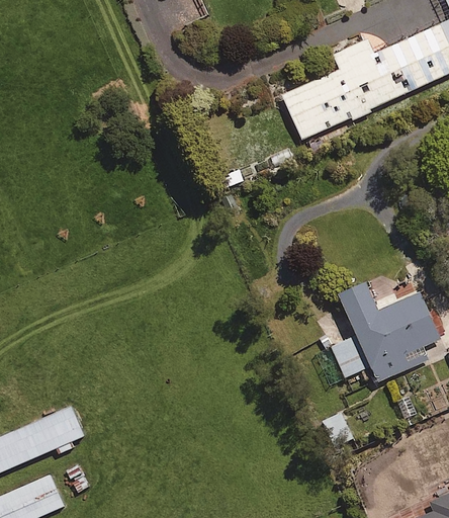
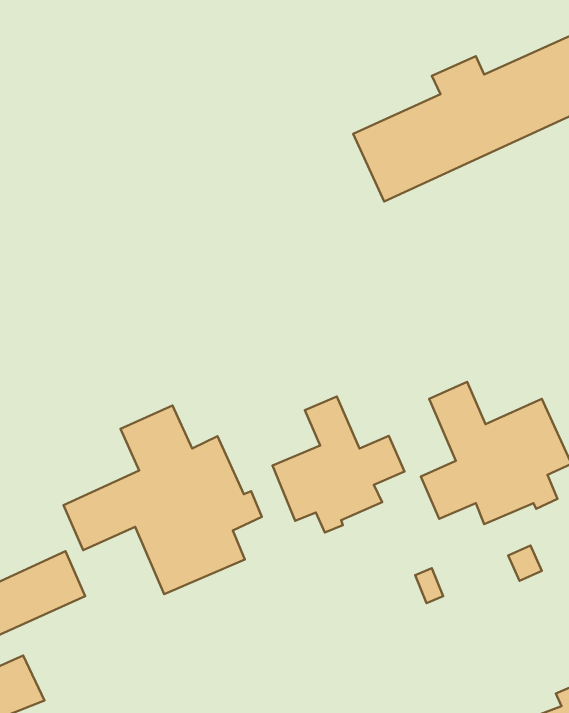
building: none -> [273,397,404,532]
building: none -> [63,405,262,594]

